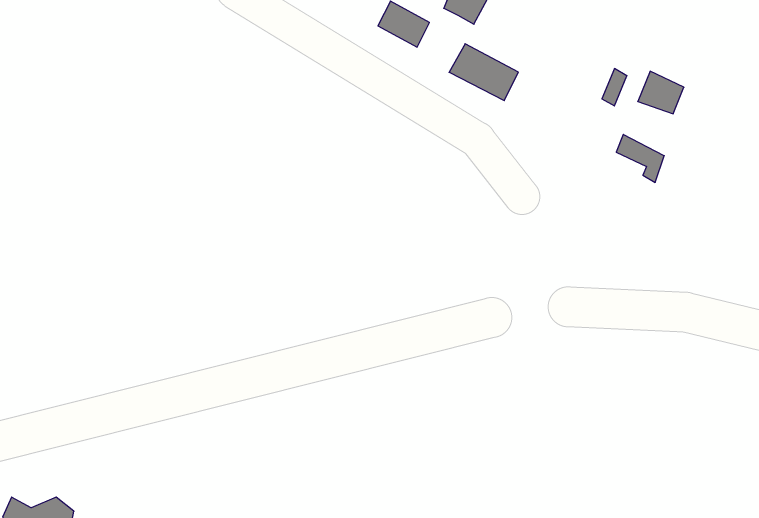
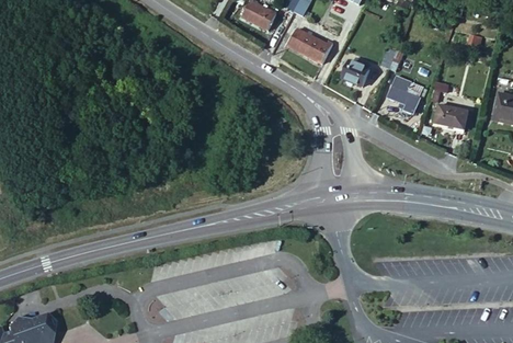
building: [638,71,684,114] -> [341,59,369,85]
building: none -> [434,104,467,129]

